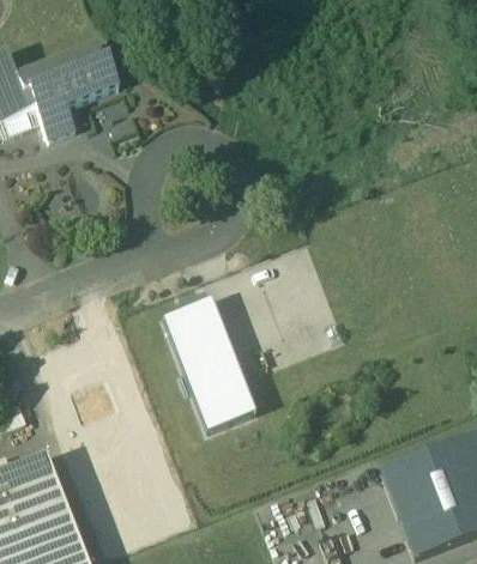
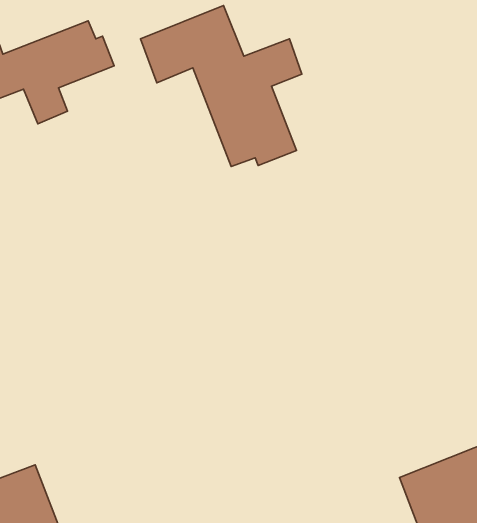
building: none -> [141,6,302,167]
building: [161,296,255,427] -> none

